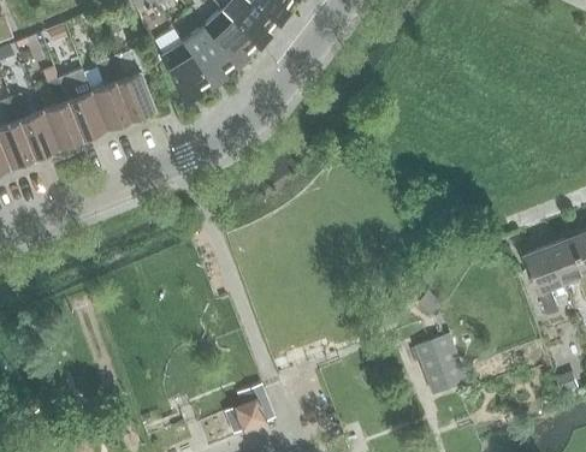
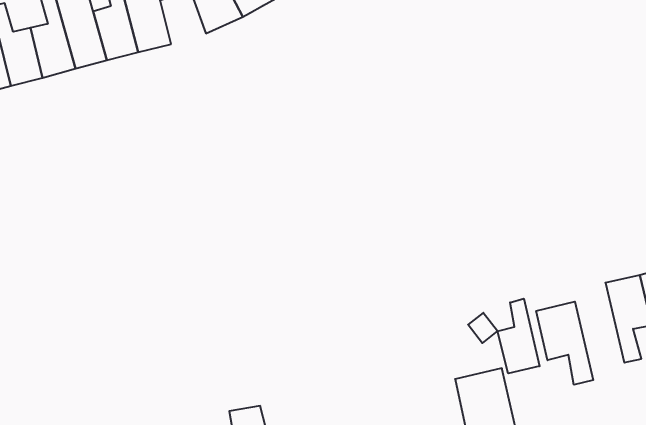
building: none -> [536,302,593,385]
building: none -> [498,299,540,373]

